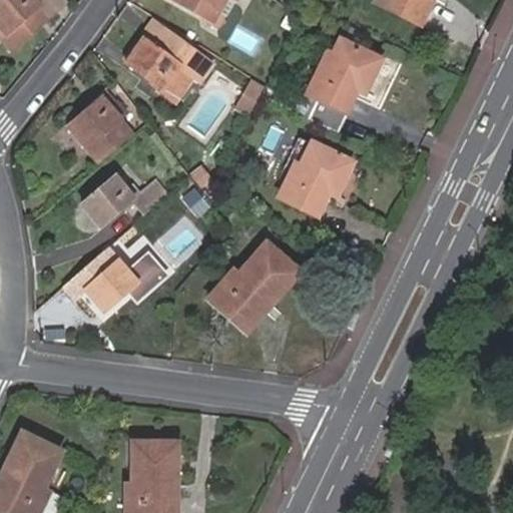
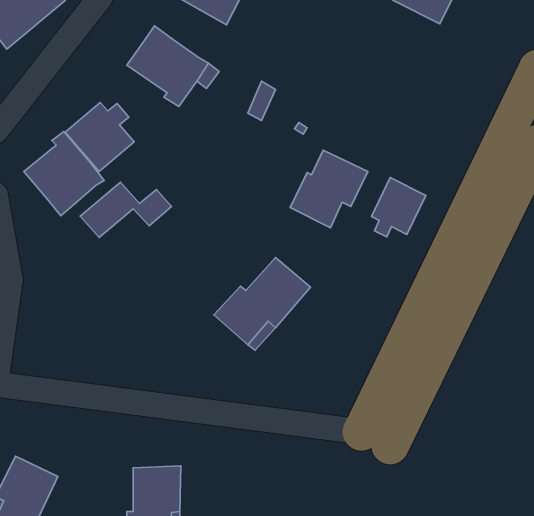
building: [307,39,379,131] -> none
building: none -> [24,131,104,216]
building: none -> [371,178,426,237]
building: [84,238,164,312] -> none

